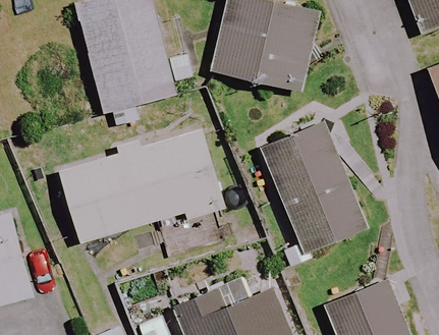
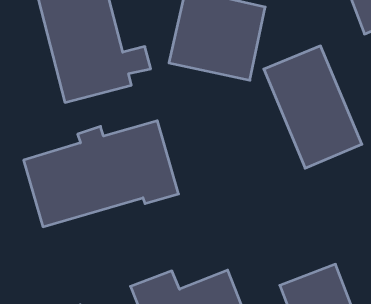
building: [262,123,366,253] -> [264,46,362,168]

